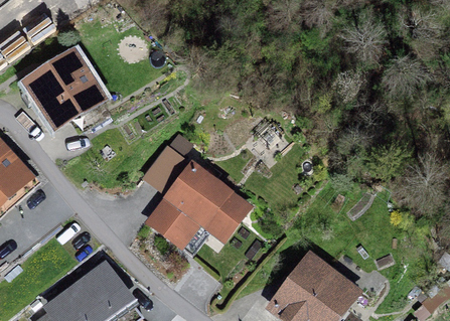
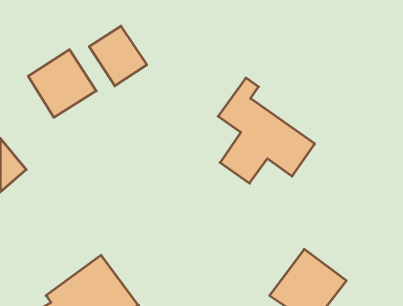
building: none -> [89,26,147,86]
building: [149,137,248,245] -> [218,78,315,183]

